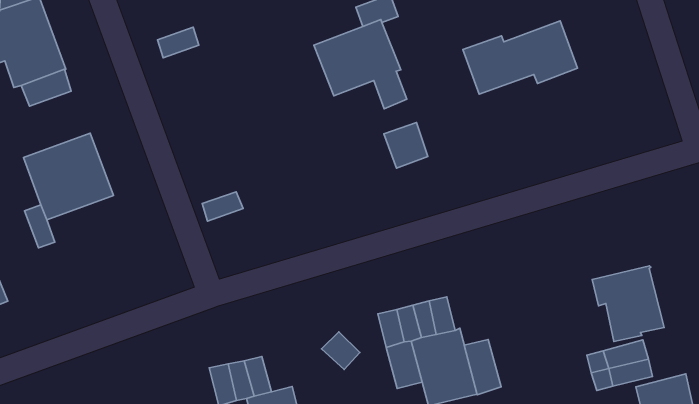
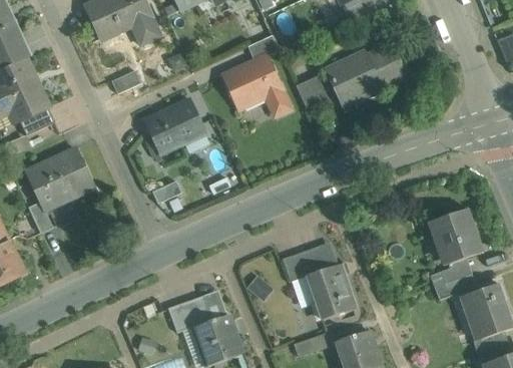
building: none -> [144,100,206,154]
building: [384,122,428,168] -> [296,75,328,108]
building: [464,339,501,395] -> none

